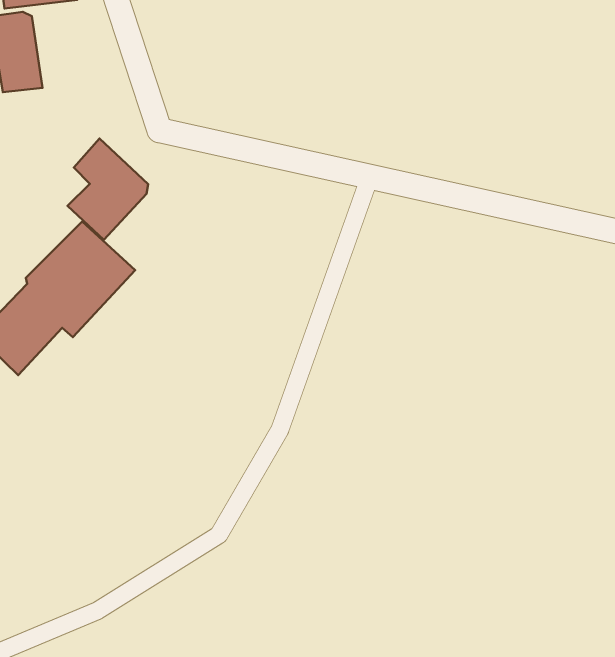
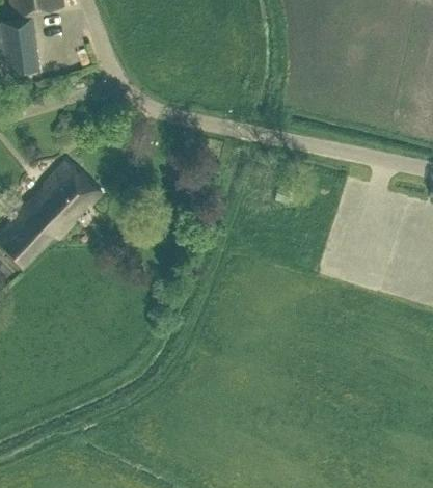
building: [67,138,148,240] -> none

